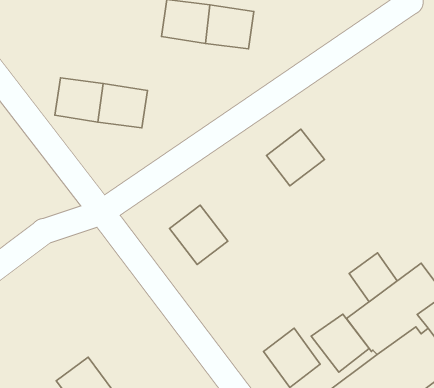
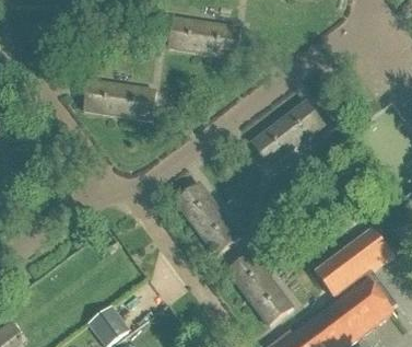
building: none -> [278,101,325,146]
building: none -> [196,210,240,256]
building: [349,253,397,302] -> none
building: [311,314,369,372] -> [226,252,272,298]

